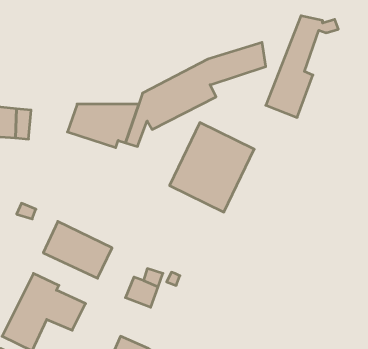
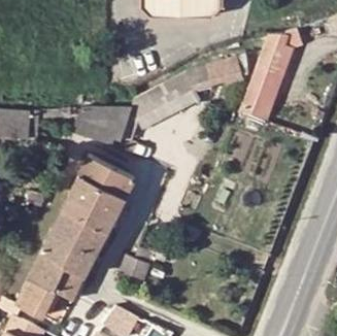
building: [170,123,254,212] -> [62,156,134,232]
building: none -> [41,236,96,279]

